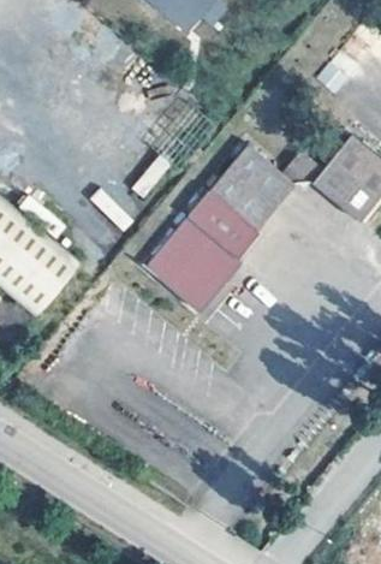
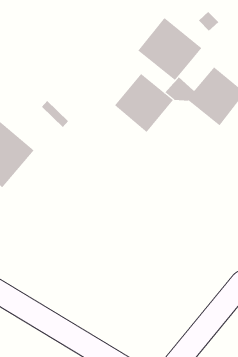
building: none -> [138,17,202,81]
building: [138,197,251,315] -> none

